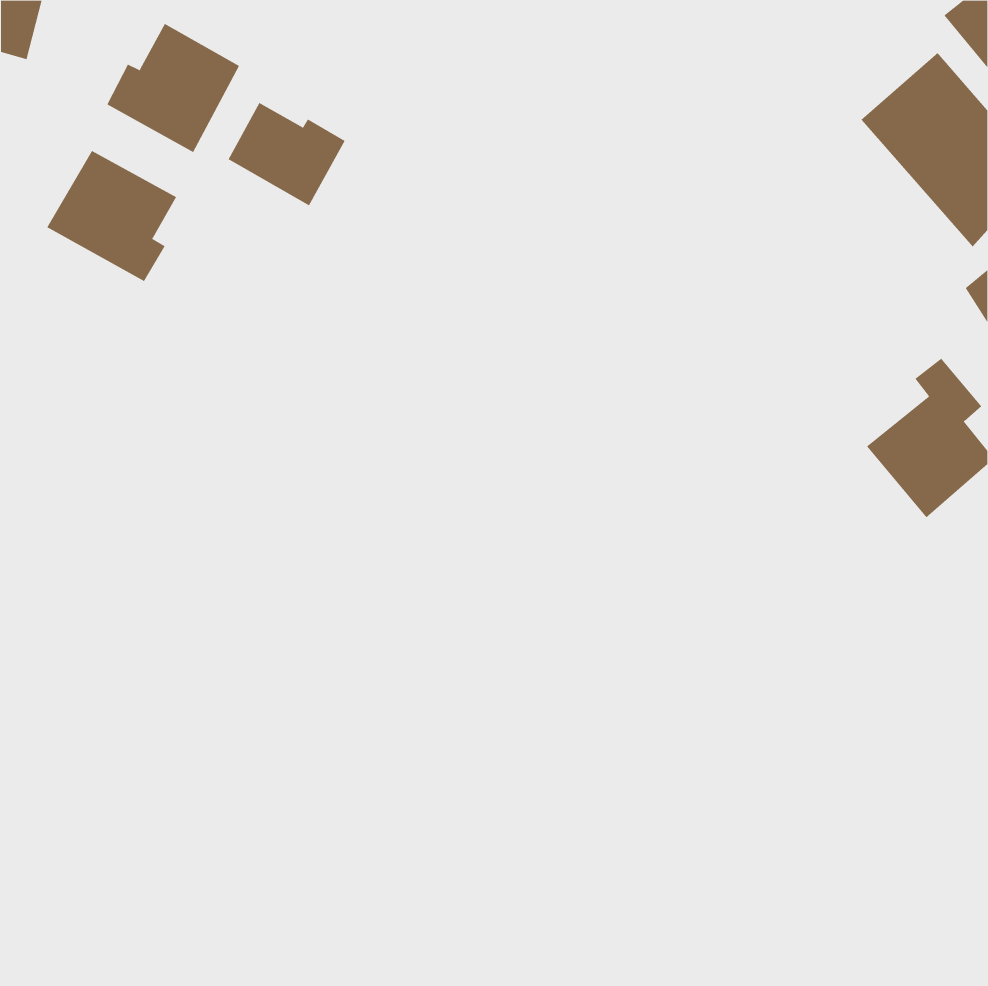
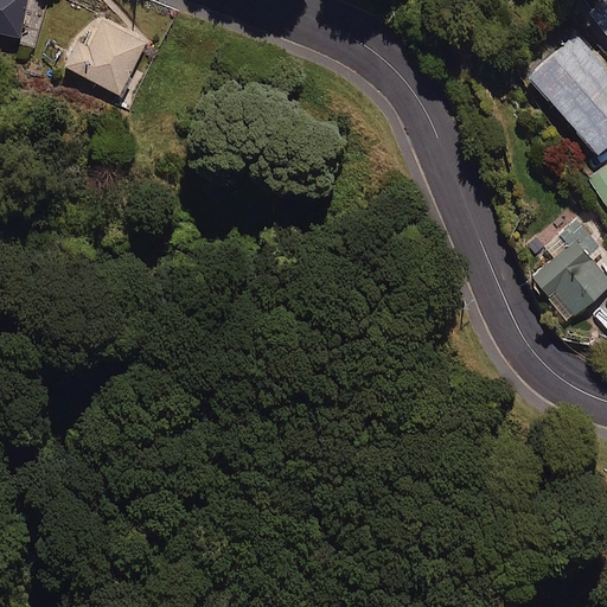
building: [228,102,346,206] -> none
building: [47,150,177,282] -> none

